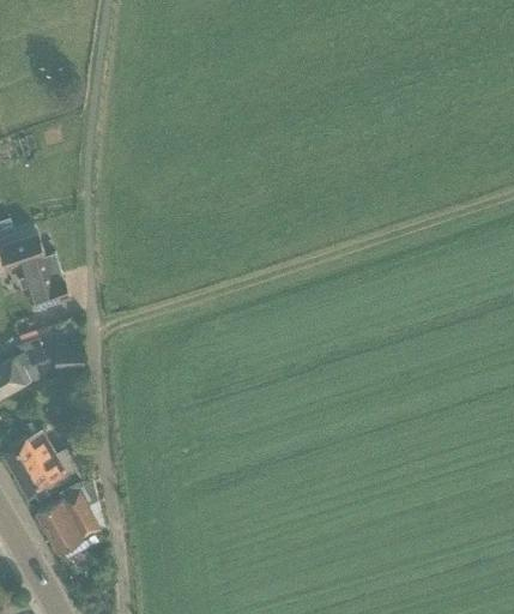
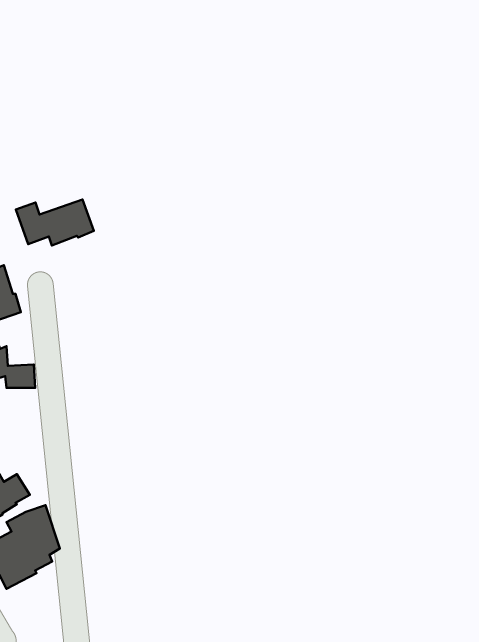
building: none -> [16,199,94,245]

